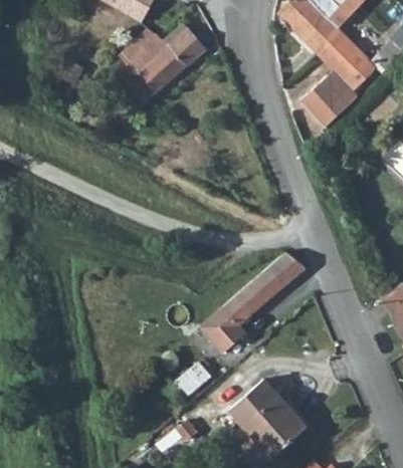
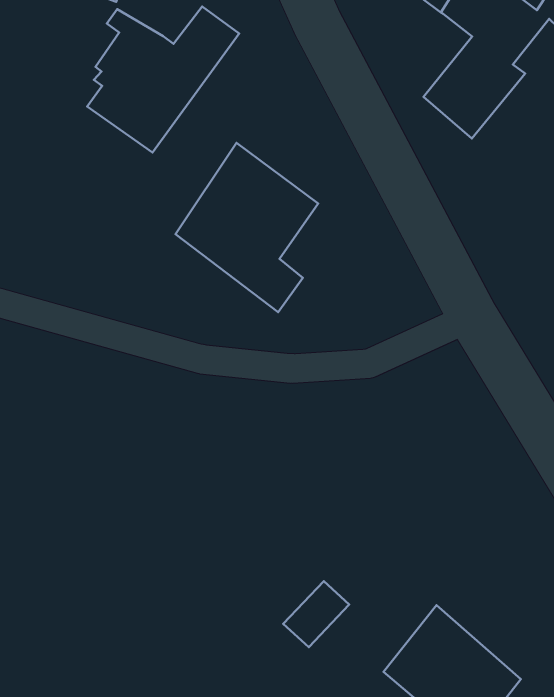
building: none -> [175,143,318,312]
building: [212,251,305,333] -> none

